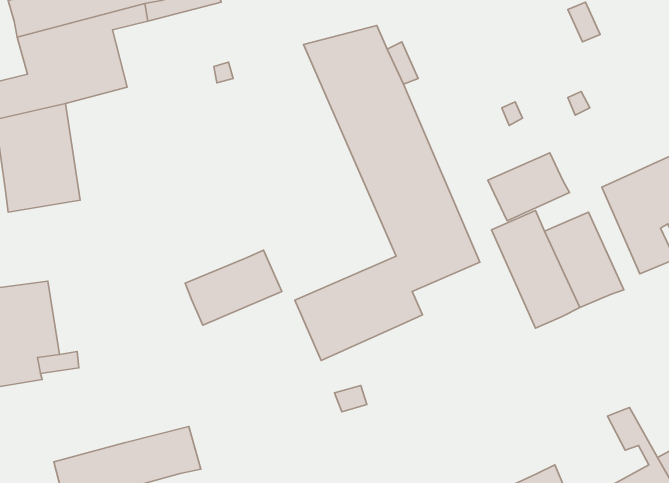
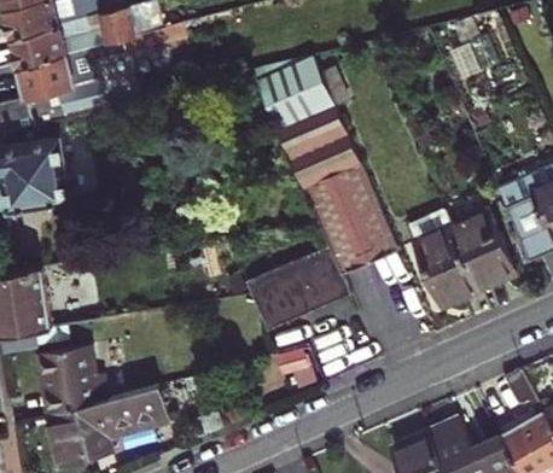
building: [488,153,570,221] -> none
building: [185,250,282,325] -> none
building: none -> [36,345,104,414]

